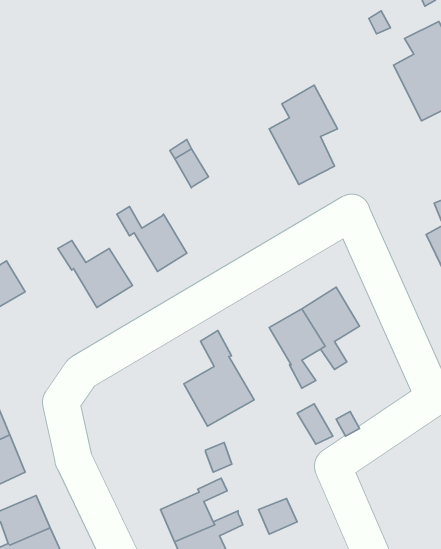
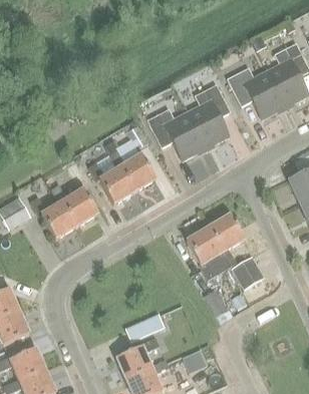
building: none -> [227,67,285,118]
building: none -> [147,108,206,159]
building: none -> [103,138,157,191]
building: none -> [30,196,75,239]
building: [184,331,254,426] -> none
building: none -> [231,255,263,288]

